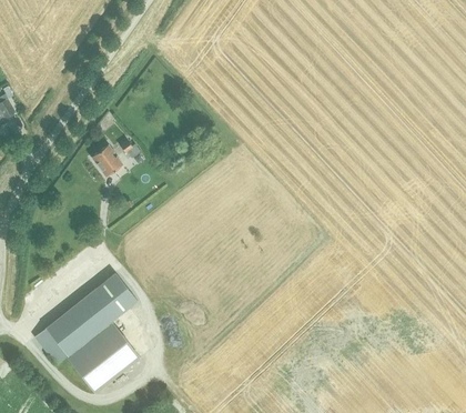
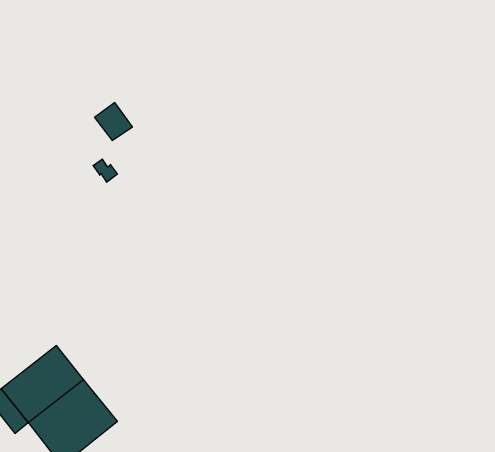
building: [91,144,122,175] -> [95,103,132,140]
building: [90,273,136,321] -> none

